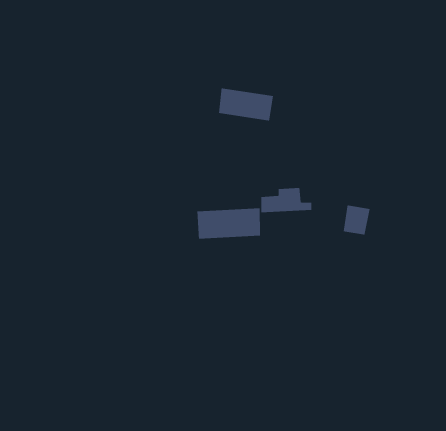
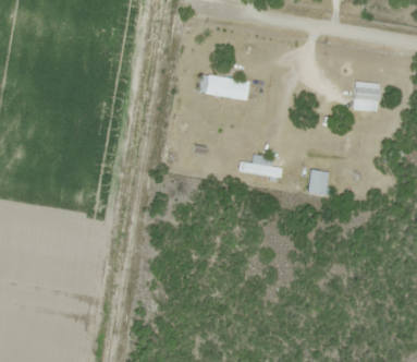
building: none -> [354,89,378,109]
building: [197,208,260,239] -> none

